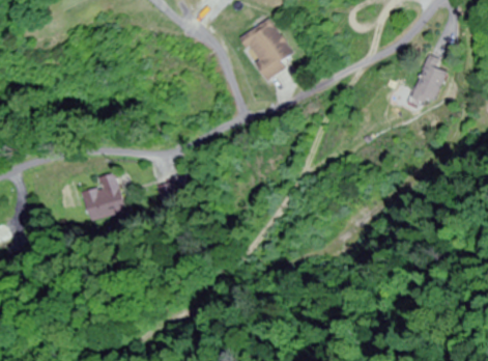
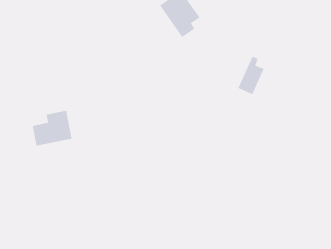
building: [409,54,443,104] -> [238,56,264,95]

